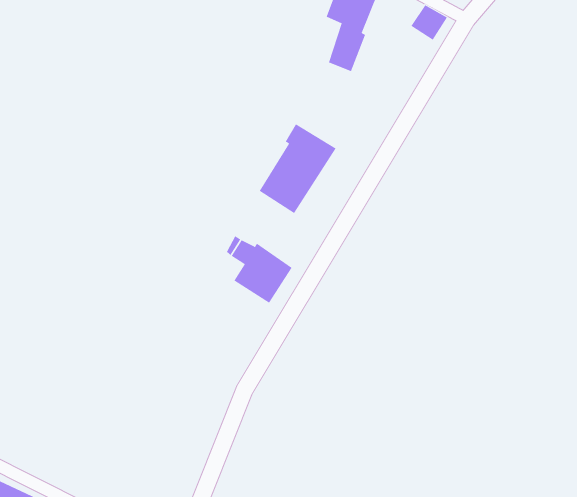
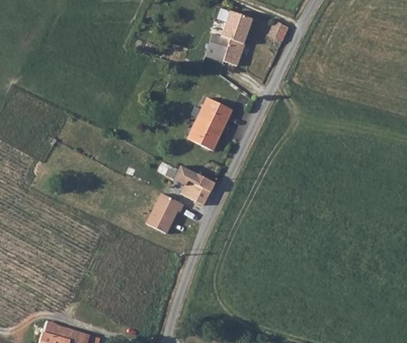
building: none -> [207,32,228,61]
building: none -> [146,194,183,233]

